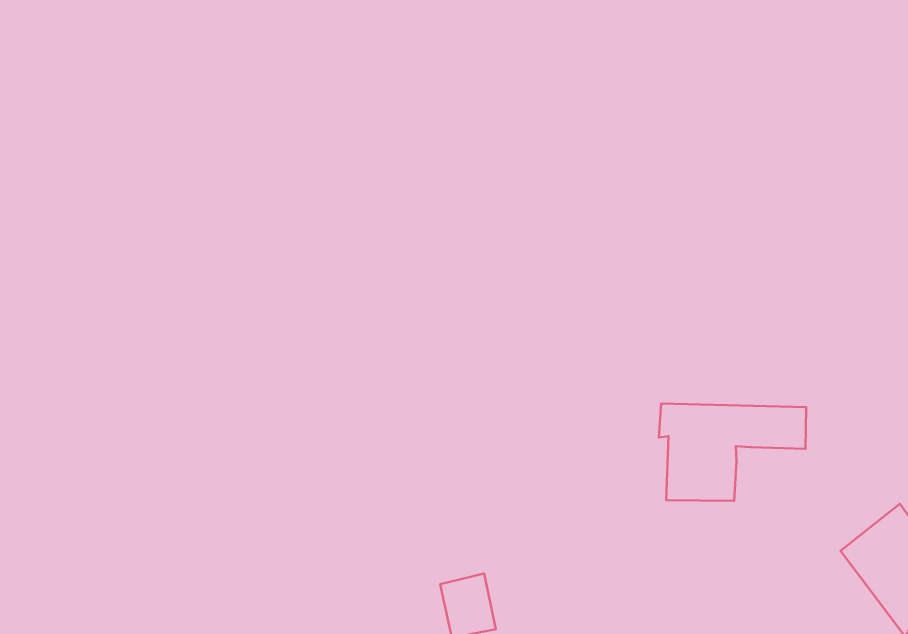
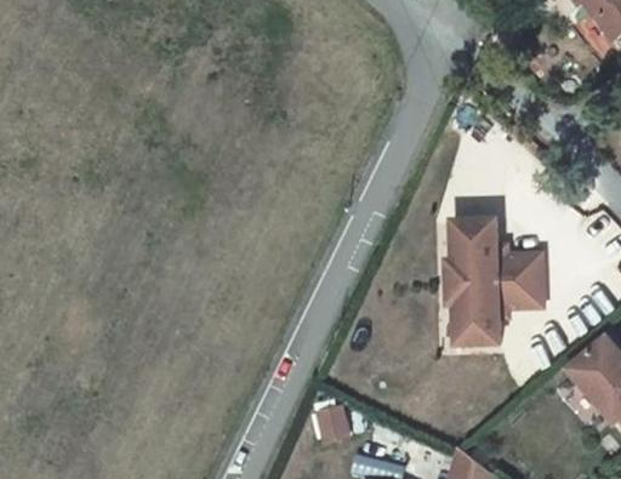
building: none -> [448,219,542,284]

